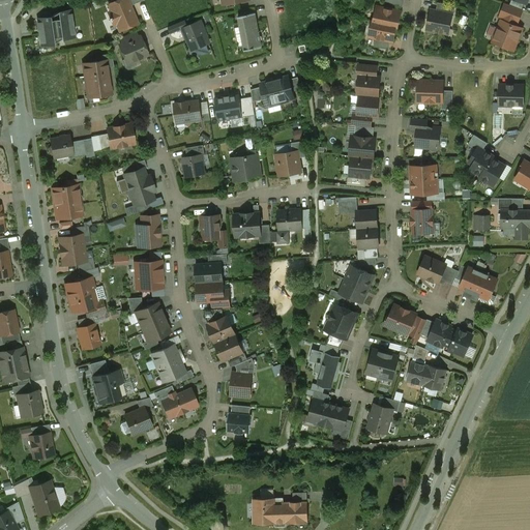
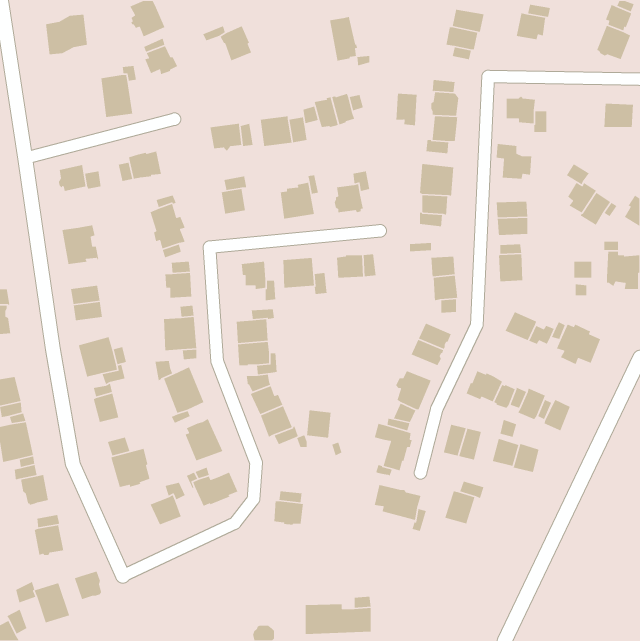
building: [237,13,261,51] -> [329,16,358,61]
building: none -> [396,93,418,126]
building: [230,373,251,396] -> [306,410,331,438]
building: none -> [74,570,102,600]

